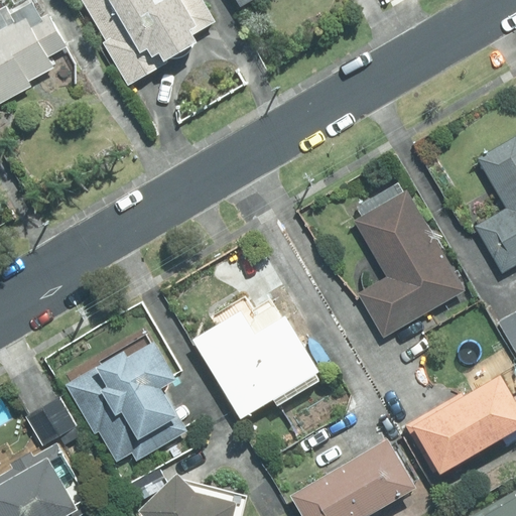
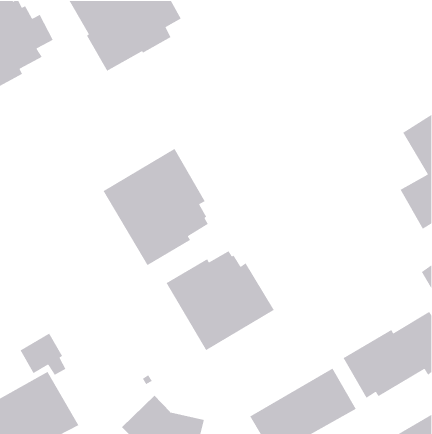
building: none -> [102,148,209,266]
building: [353,181,466,338] -> none
building: [66,338,186,463] -> none

